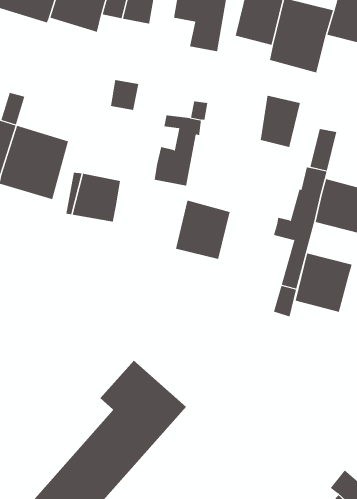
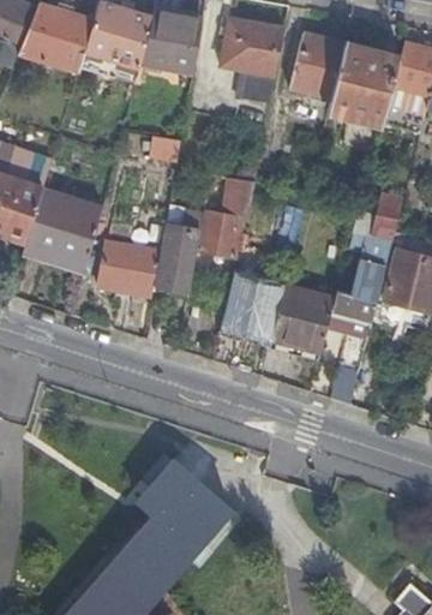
building: [260,95,300,148] -> none
building: none -> [155,226,199,285]
building: [295,253,352,312] -> [270,286,335,353]

